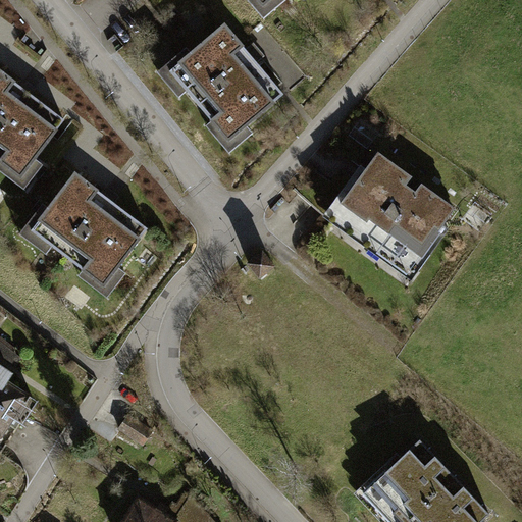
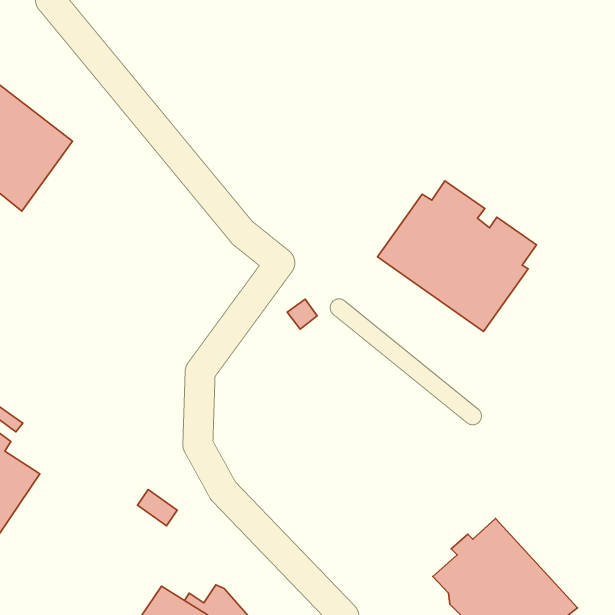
building: [168,25,282,141] -> none
building: [29,173,145,285] -> none

